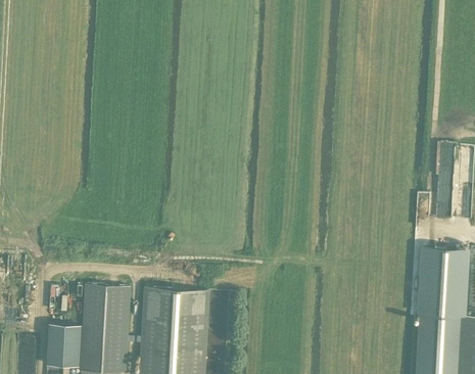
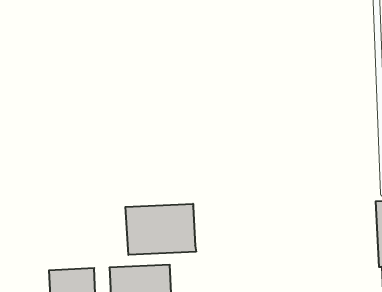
building: none -> [125,204,196,255]

